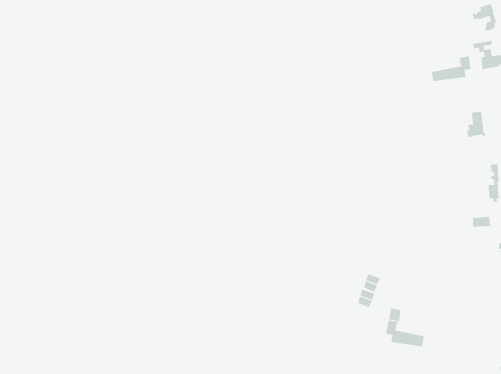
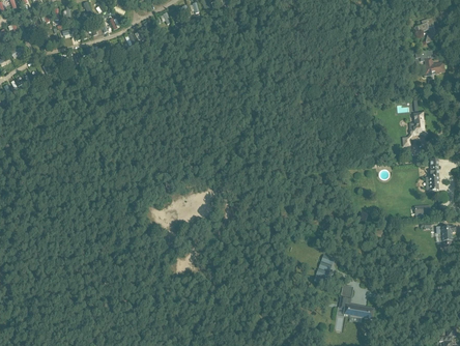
building: [431,56,471,82] -> none

